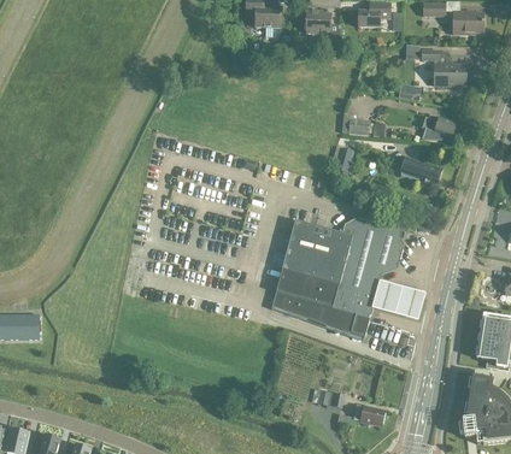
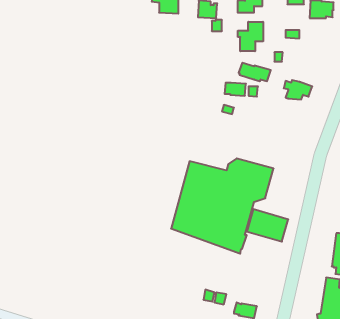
building: none -> [238,22,263,51]
building: [434,63,465,84] -> none
building: [399,157,441,181] -> [239,63,271,81]

